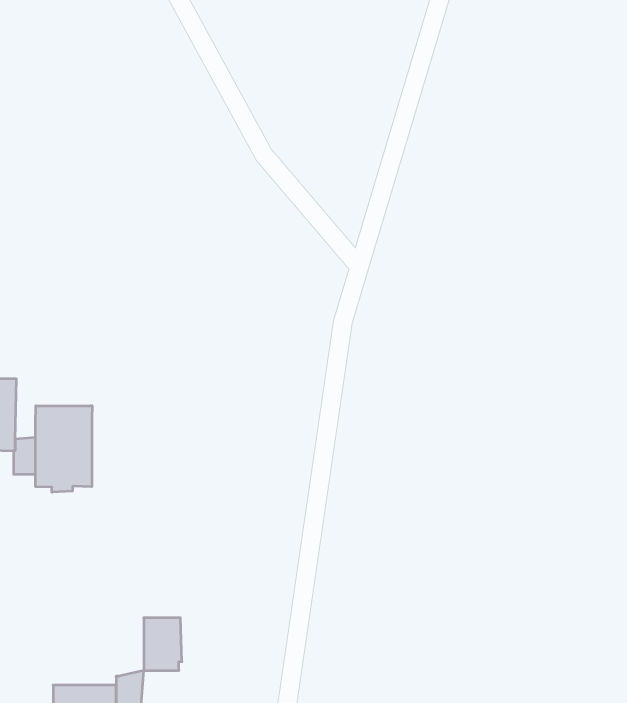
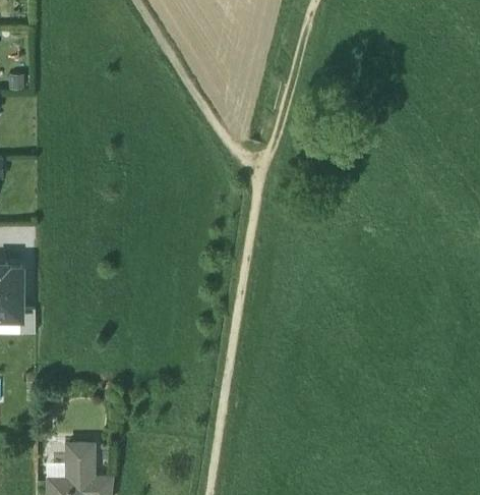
building: [35,406,92,492] -> none
building: [144,618,182,670] -> [67,444,94,481]

